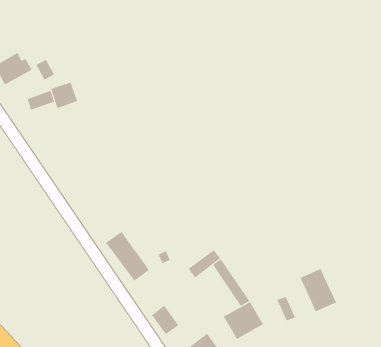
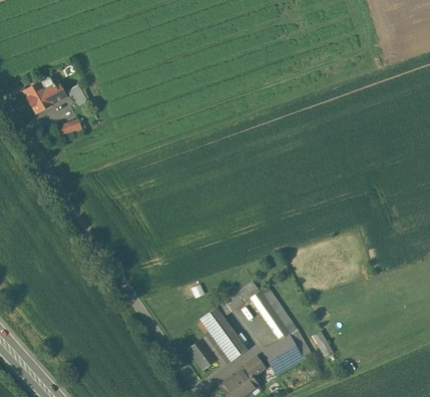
building: [51,82,78,109] -> none
building: [105,231,150,282] -> [200,308,247,360]
building: [300,268,337,312] -> none

